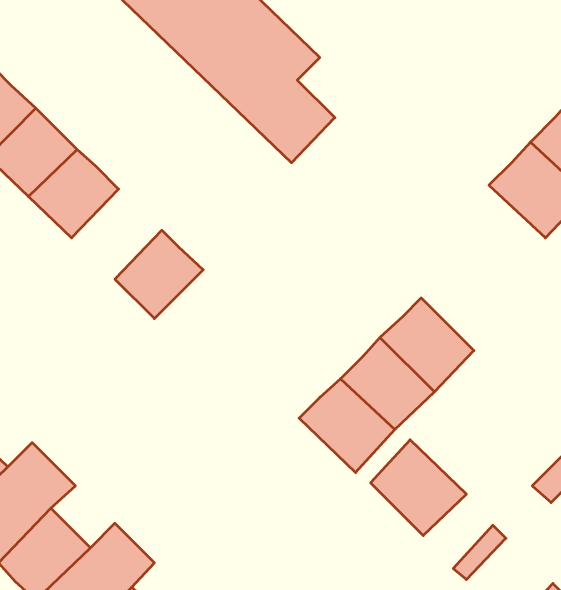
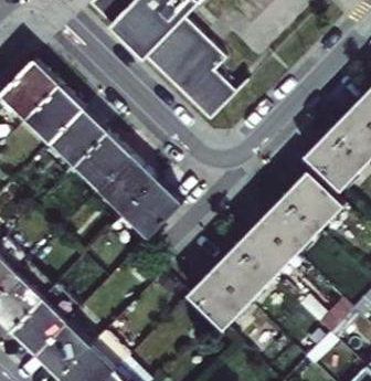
building: none -> [303,135,359,190]
building: none -> [81,137,134,190]
building: none -> [286,178,340,232]
building: none -> [129,184,183,237]
building: [371,440,466,536] -> [191,272,247,328]

